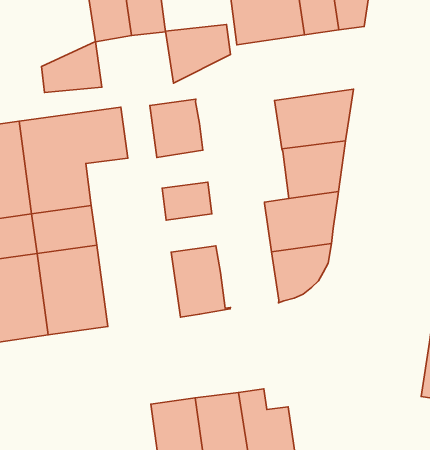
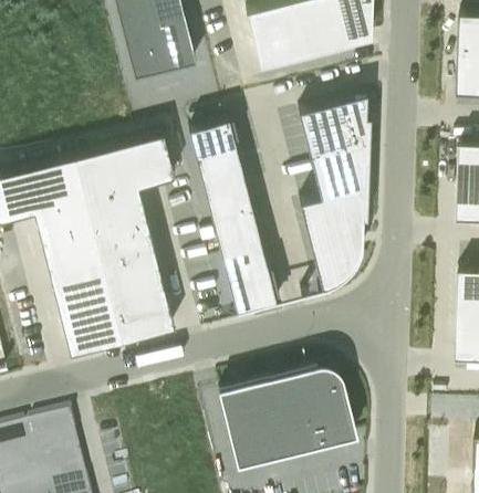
building: [166,25,231,83] -> none
building: [42,42,102,93] -> none
building: none -> [200,165,248,202]
building: none -> [215,220,261,258]

